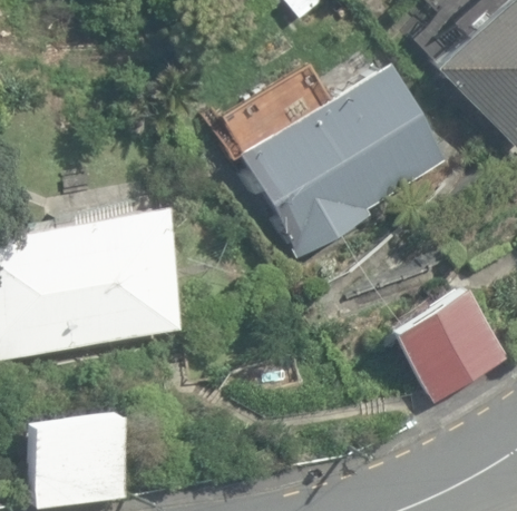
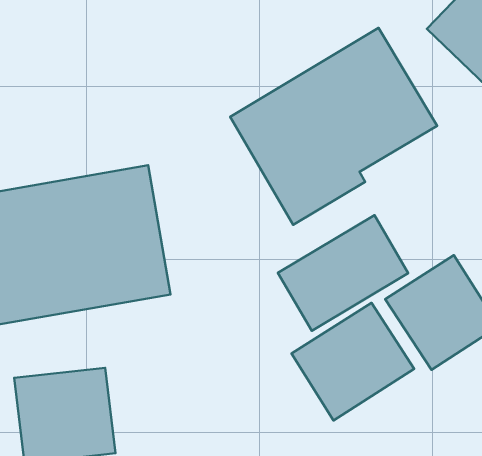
building: none -> [278,215,408,331]
building: none -> [292,303,414,421]

